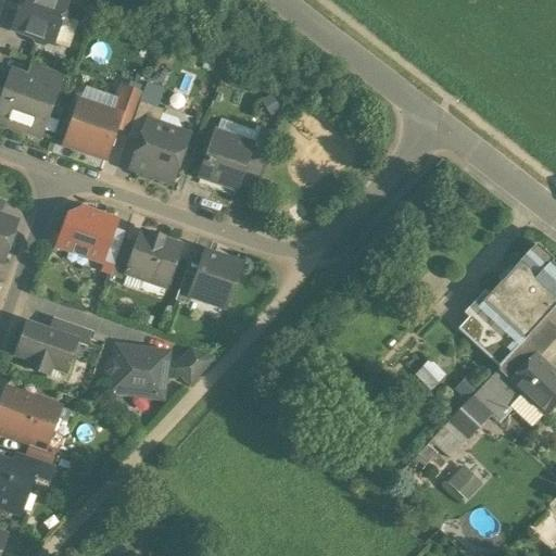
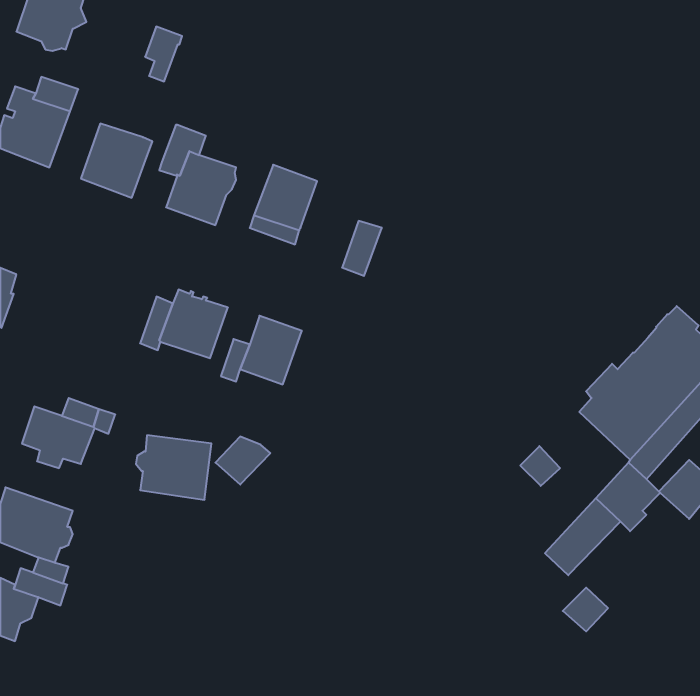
building: [114,85,143,128] -> [145,27,182,81]
building: [239,143,270,187] -> [342,221,382,276]
building: [53,201,121,260] -> none

